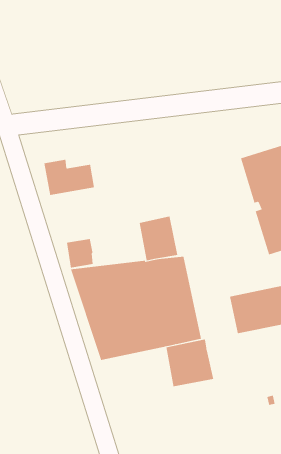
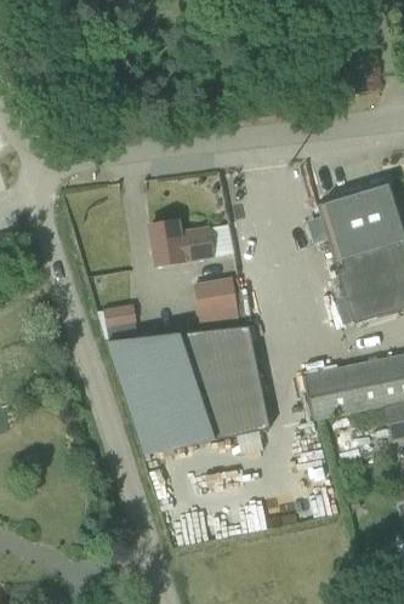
building: [44,159,95,196] -> [149,220,212,264]
building: [166,338,214,387] -> none

